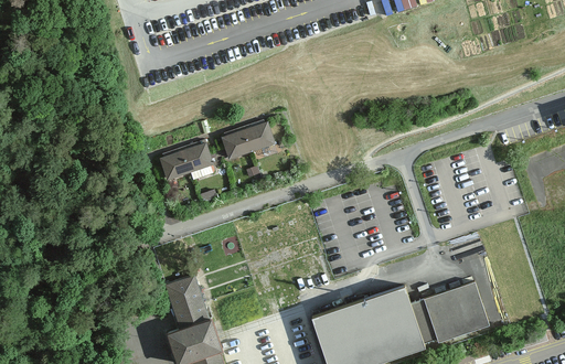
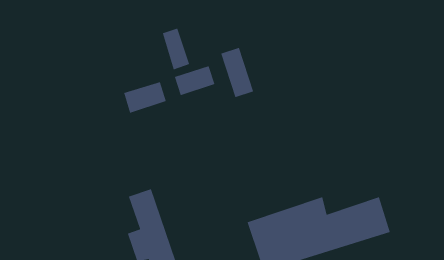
building: none -> [162,28,190,70]
building: none -> [220,47,254,98]

